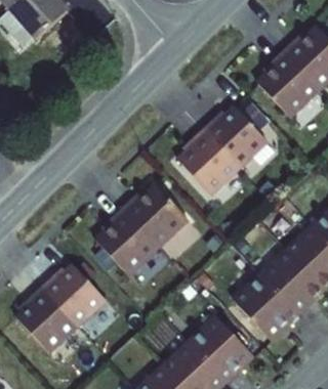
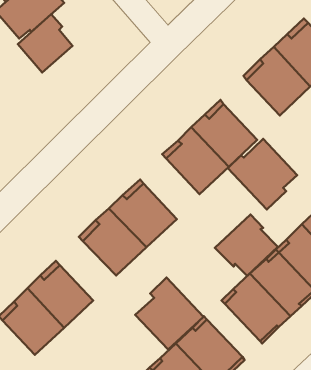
building: none -> [18,14,73,72]
building: none -> [228,139,297,210]
building: none -> [215,215,278,276]
building: none -> [135,278,203,349]

